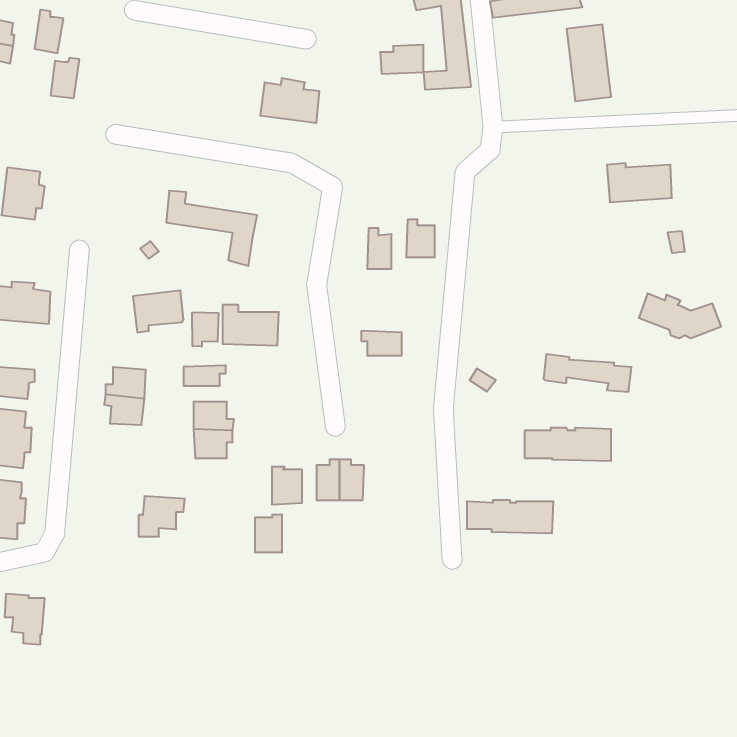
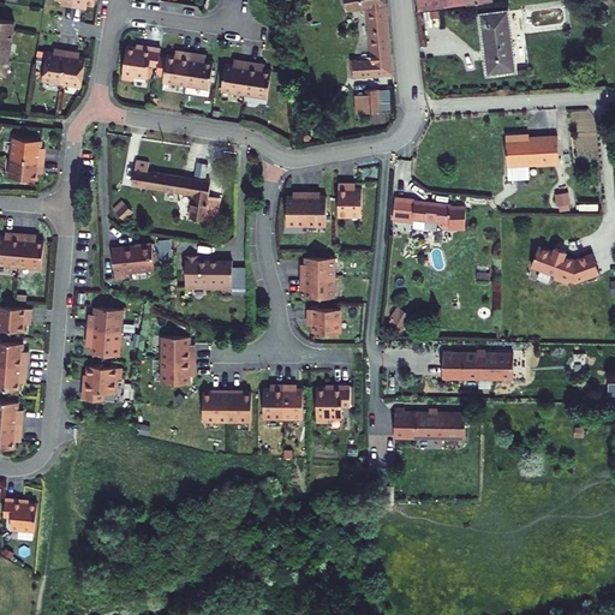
building: [34,10,63,53] -> [61,49,85,85]
building: [380,45,423,74] -> [352,89,388,113]
building: none -> [115,50,154,84]
building: none -> [157,56,207,92]
building: none -> [286,190,306,223]
building: none -> [300,256,334,276]
building: [192,312,218,347] -> none
building: [543,354,632,392] -> [404,199,477,231]
building: [184,365,225,386] -> none
building: none -> [308,308,340,330]
building: none -> [316,383,350,419]
building: [139,496,185,537] -> [84,364,123,398]
building: [255,515,282,552] -> [203,388,226,419]

